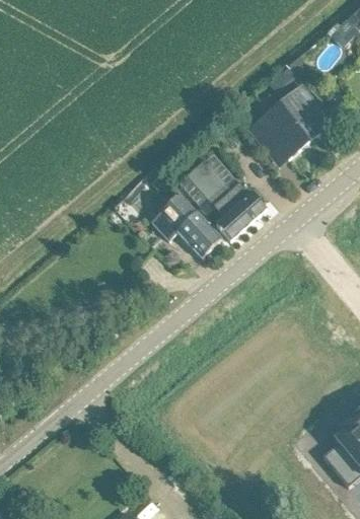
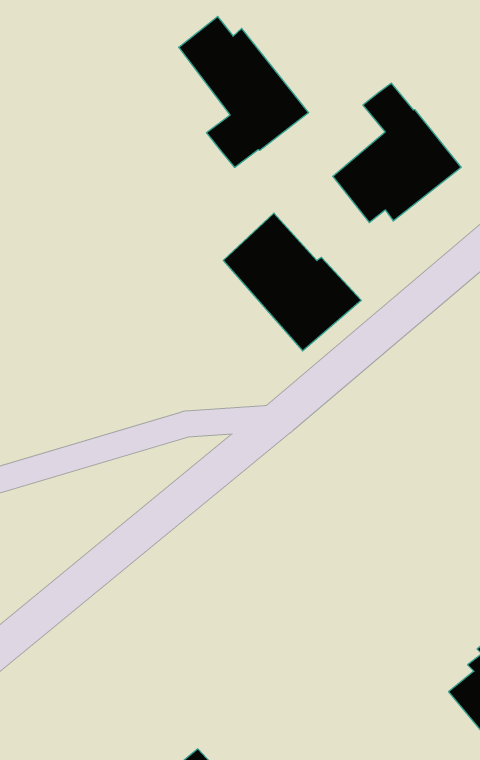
building: none -> [179,16,309,167]
building: [151,194,222,256] -> none

